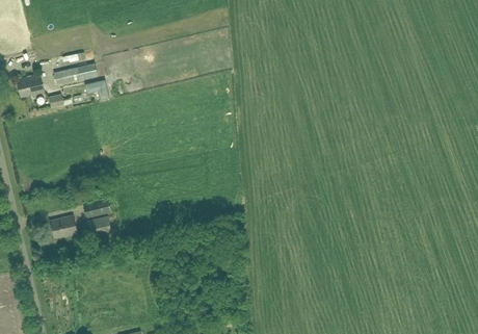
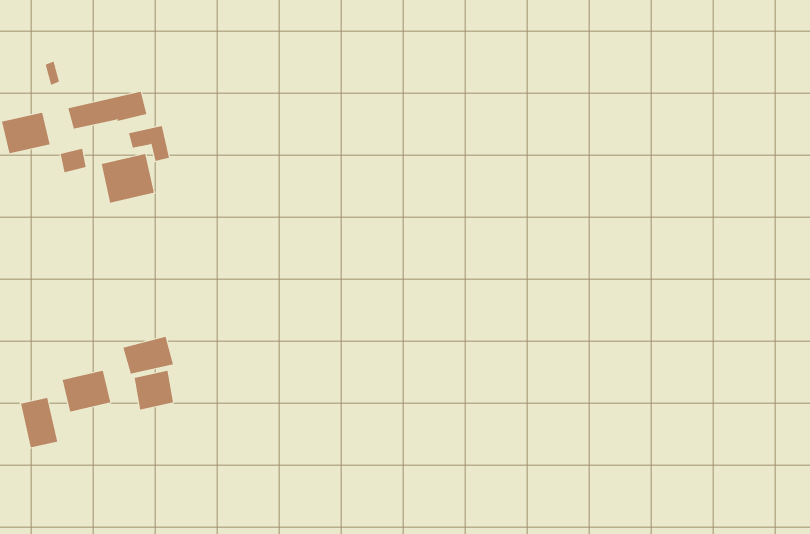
building: none -> [101,153,155,204]
building: none -> [20,397,58,448]

